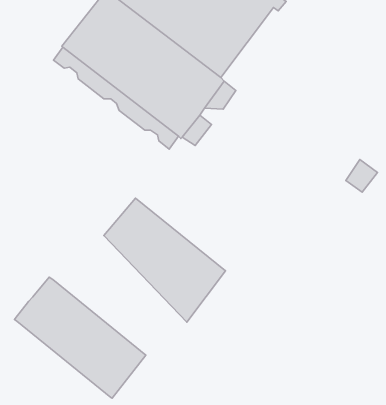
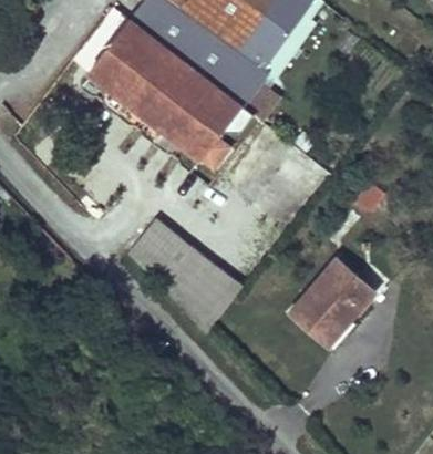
building: none -> [293,257,374,344]
building: [14,277,146,398] -> none

